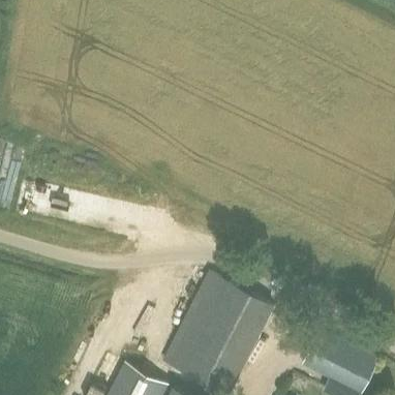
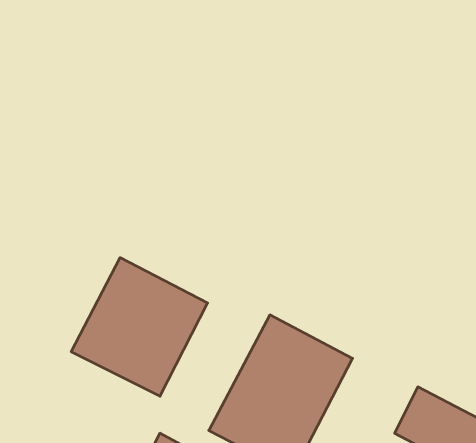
building: none -> [71,258,208,396]

